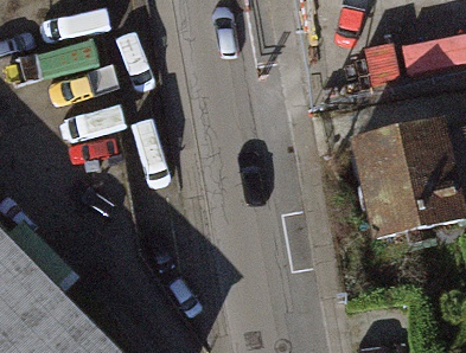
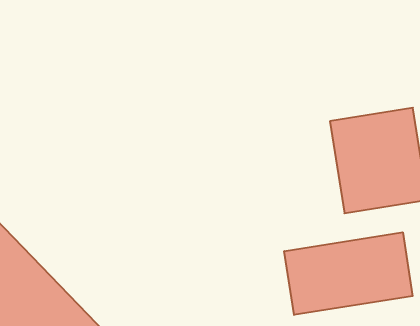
building: none -> [284,232,413,315]

